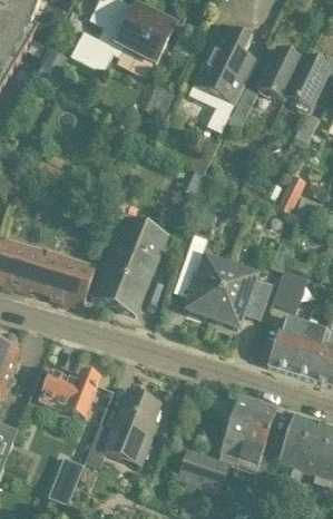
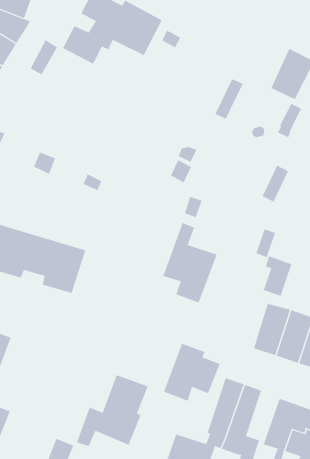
building: [194,23,252,130] -> none
building: [257,46,303,99] -> none
building: [91,216,168,313] -> none
building: [213,266,272,326] -> [163,343,220,402]
building: [40,368,99,417] -> none

